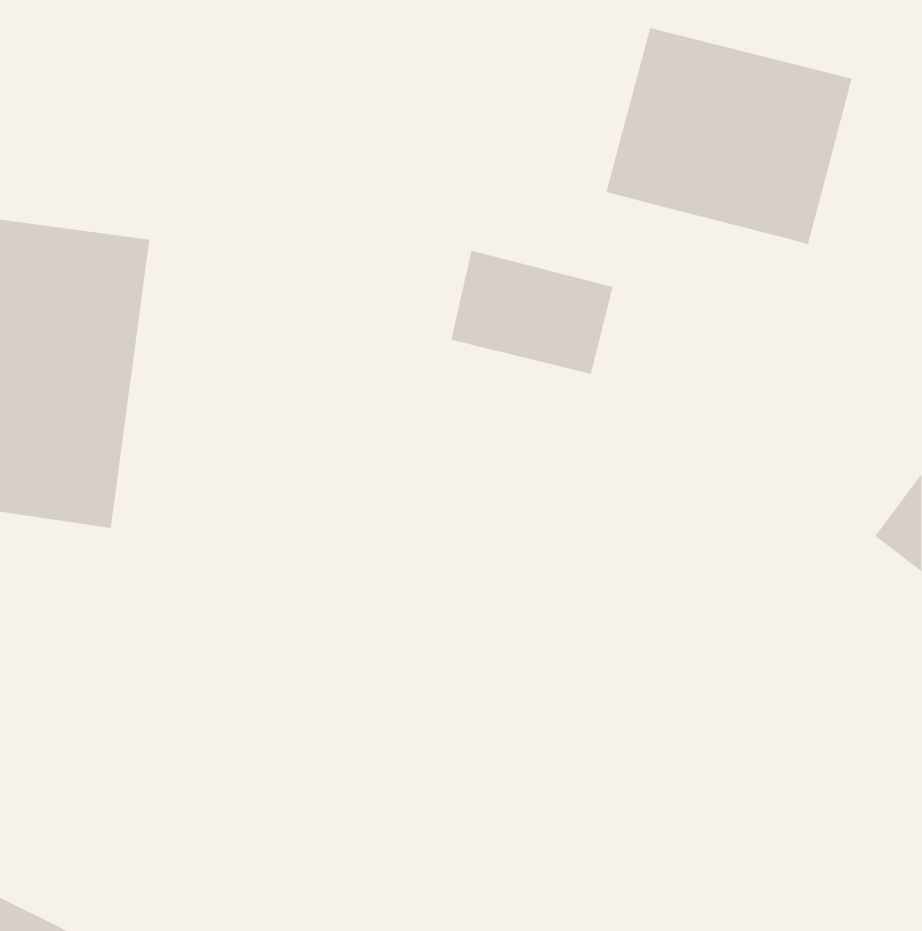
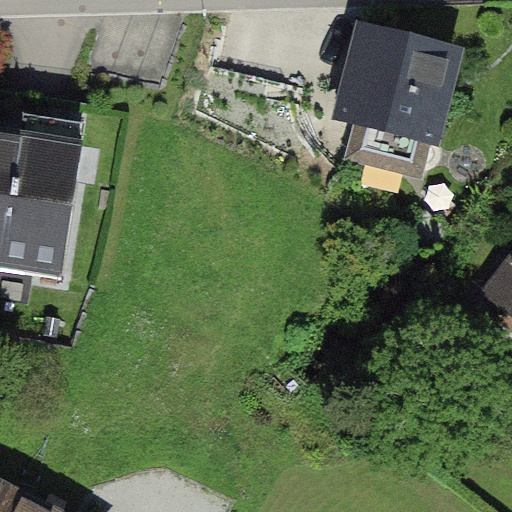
building: [451,250,613,375] -> [343,113,432,181]

